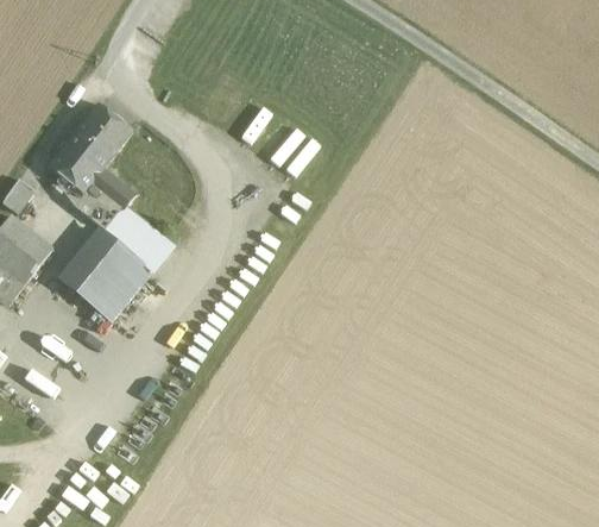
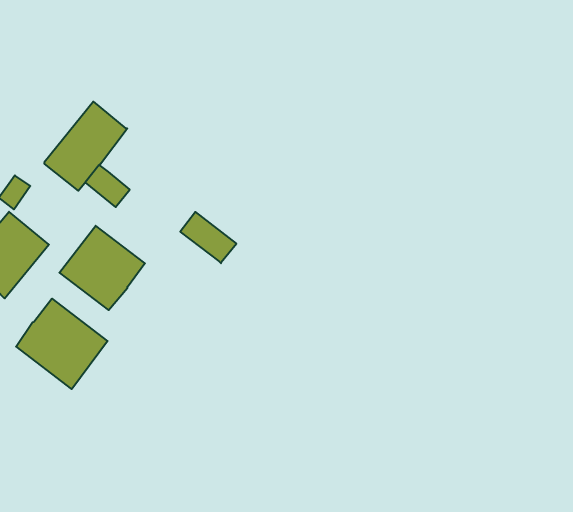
building: [103,212,160,264] -> [180,212,236,263]
building: none -> [16,299,108,389]

